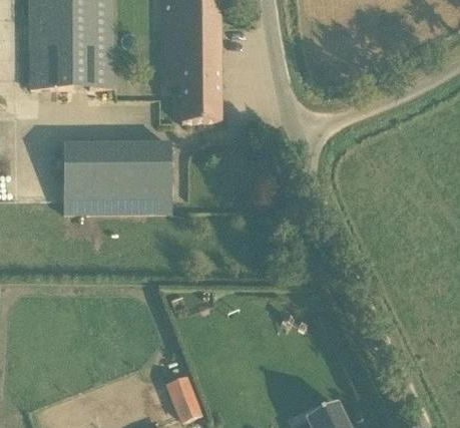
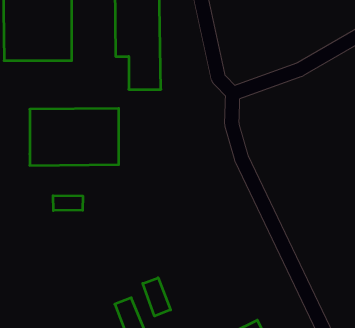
building: none -> [53,196,83,211]
building: none -> [143,278,171,316]

